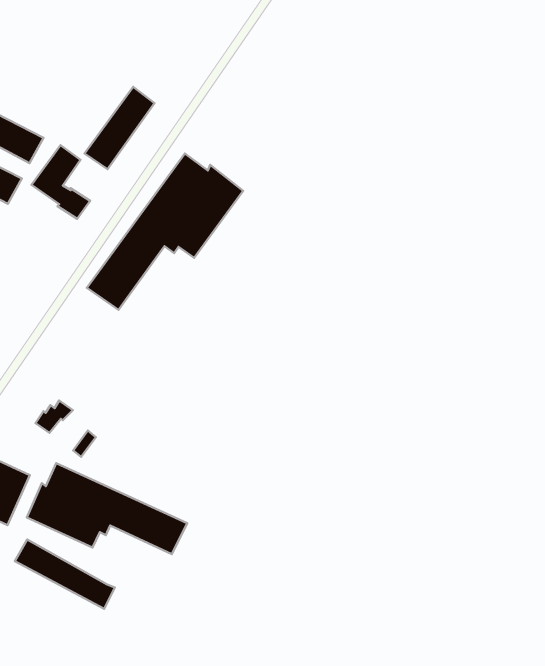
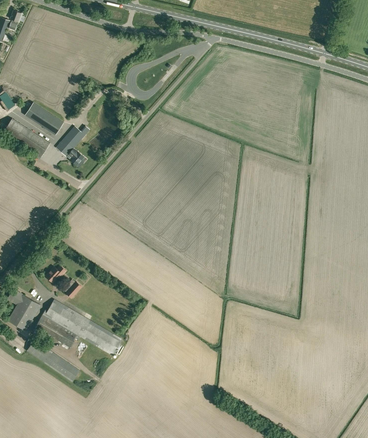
building: [84,87,155,169] -> none
building: [87,154,243,310] -> none

